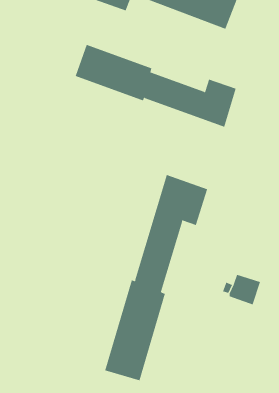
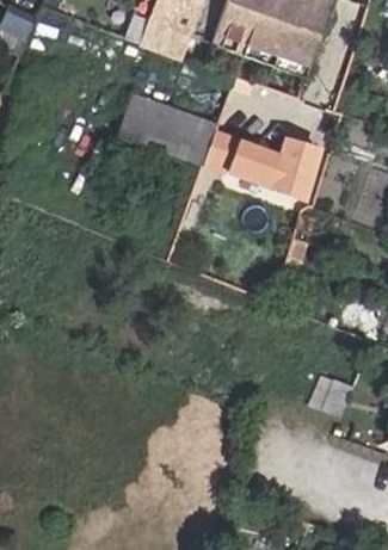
building: [104,174,208,381] -> none

